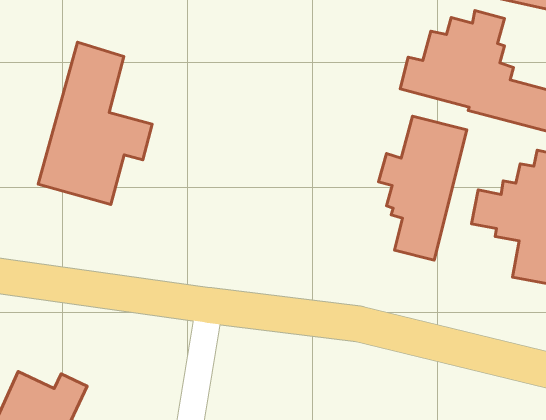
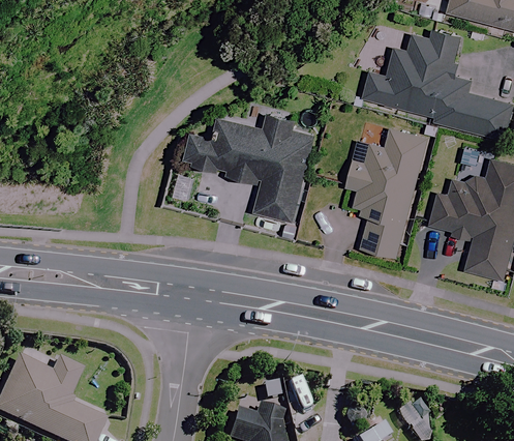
building: [38,42,152,205] -> none
building: none -> [183,113,316,220]

